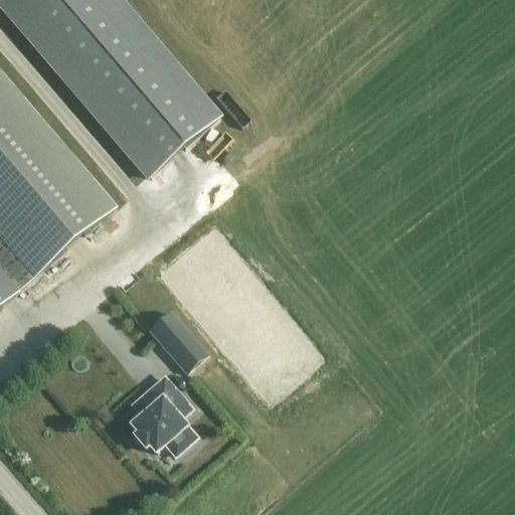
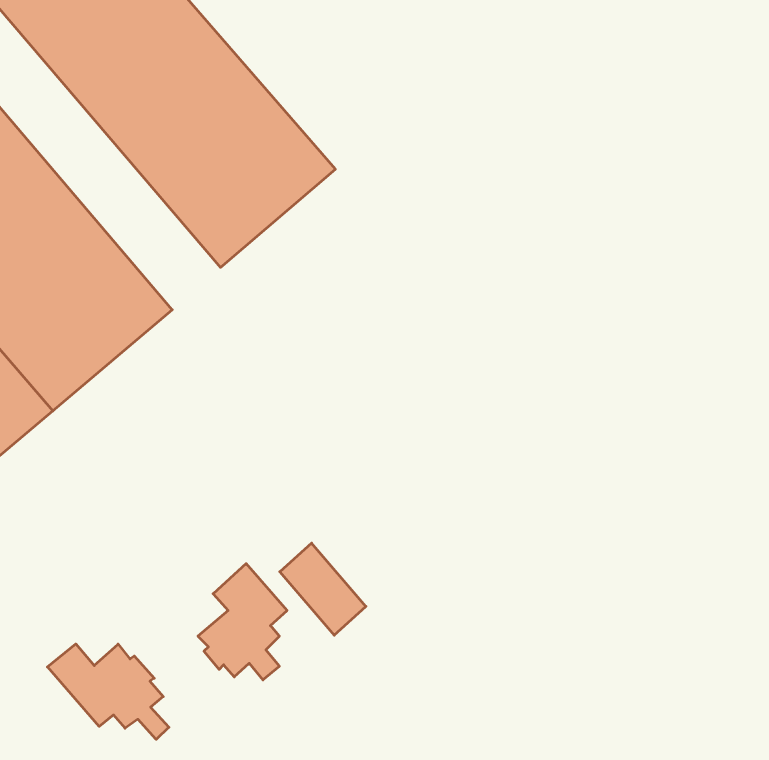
building: [150,310,207,371] -> [280,543,366,635]
building: none -> [47,644,169,739]

